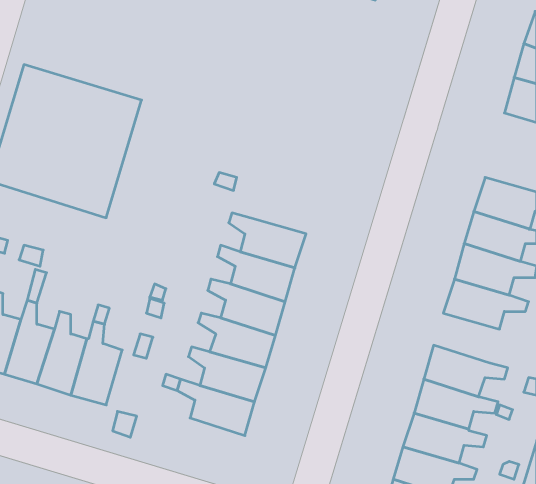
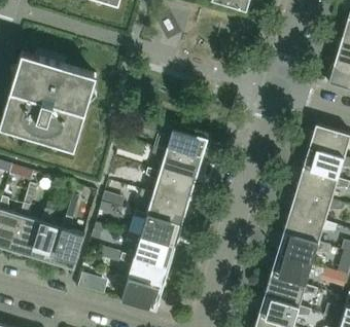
building: none -> [159,125,208,161]
building: none -> [283,212,337,244]
building: none -> [113,276,163,312]

